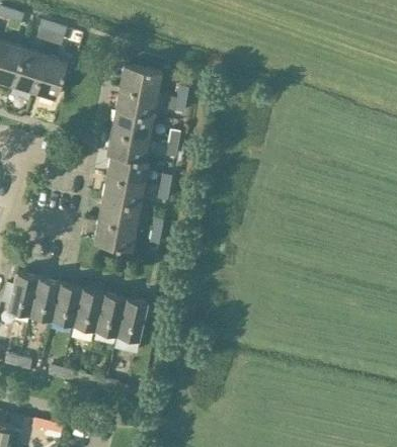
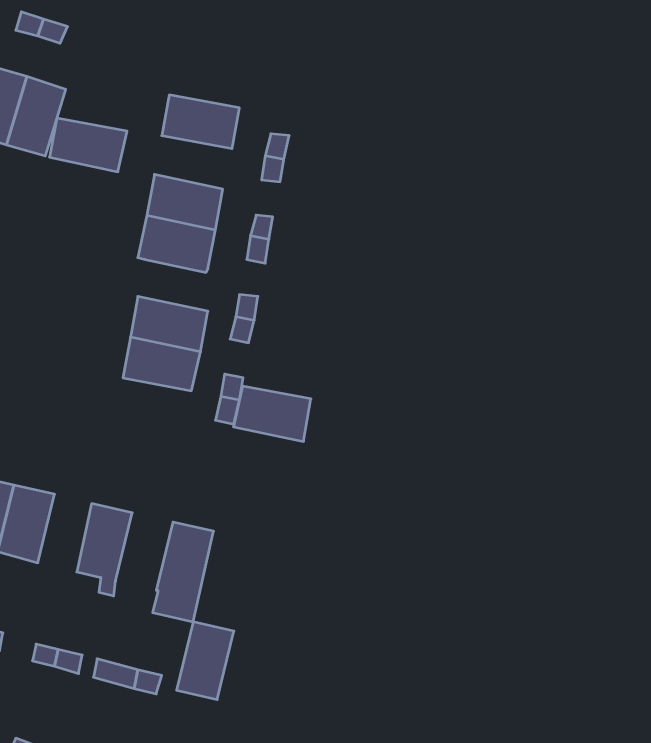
building: [115,88,158,117] -> [49,118,127,172]
building: [106,156,149,184] -> none
building: [93,220,136,251] -> [233,386,311,441]
building: [52,284,81,327] -> none
building: [94,294,126,337] -> [177,622,234,700]

